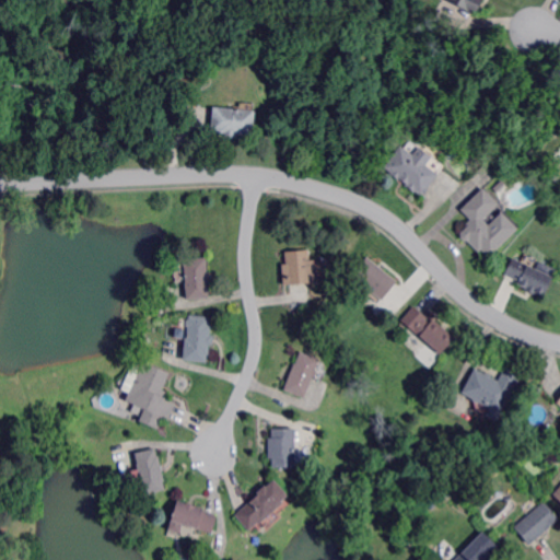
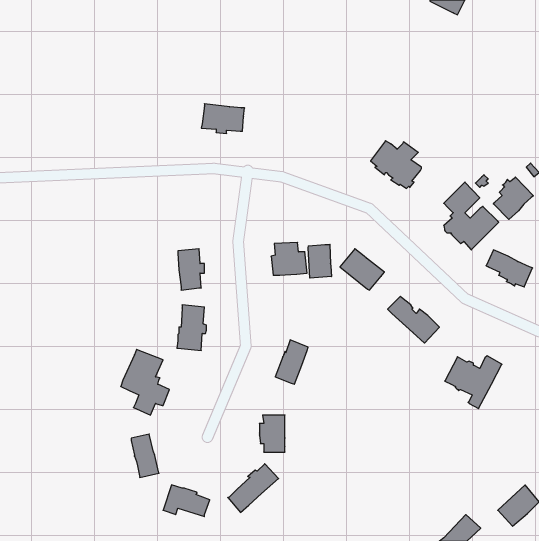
building: none -> [493,177,533,219]
building: none -> [308,244,331,278]

